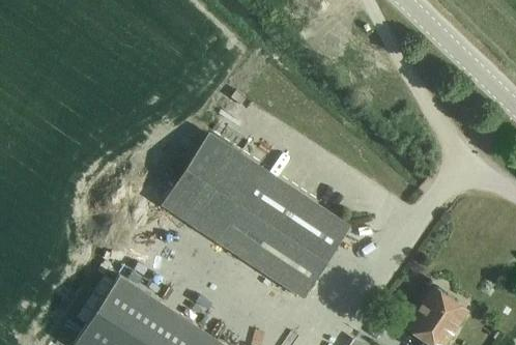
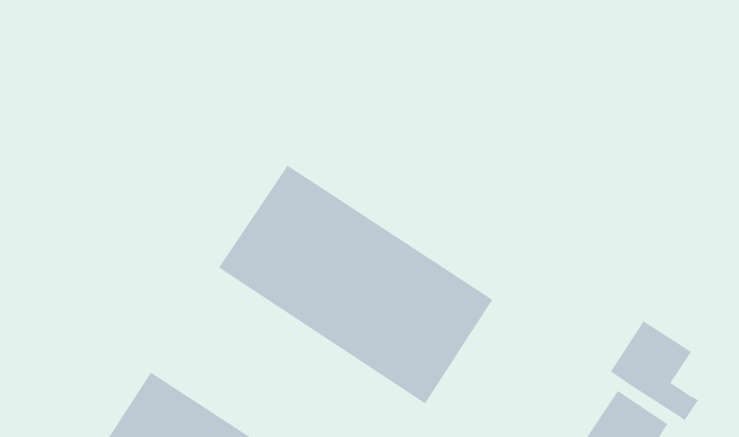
building: none -> [610,320,699,421]

